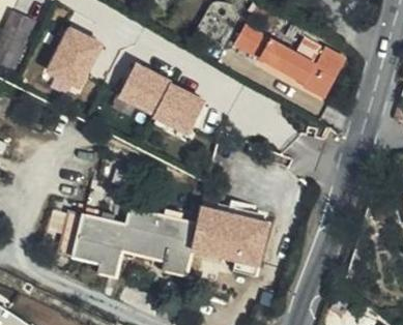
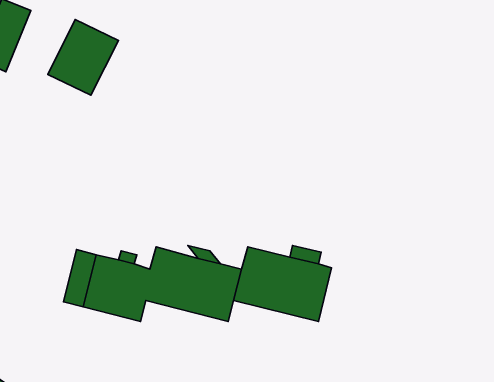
building: [231,26,344,98] -> none
building: [119,63,203,135] -> none

